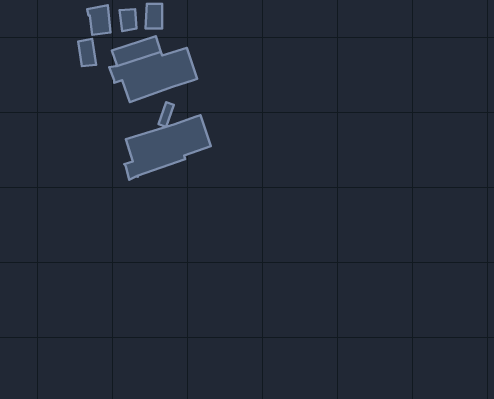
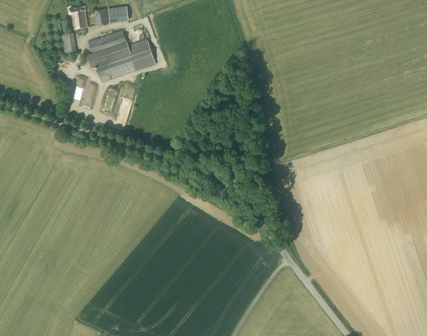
building: [124,115,211,180] -> none

